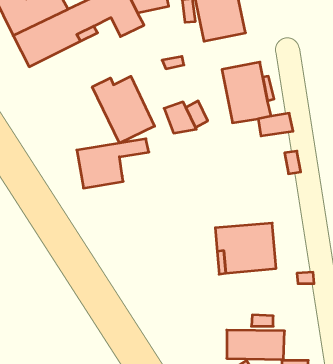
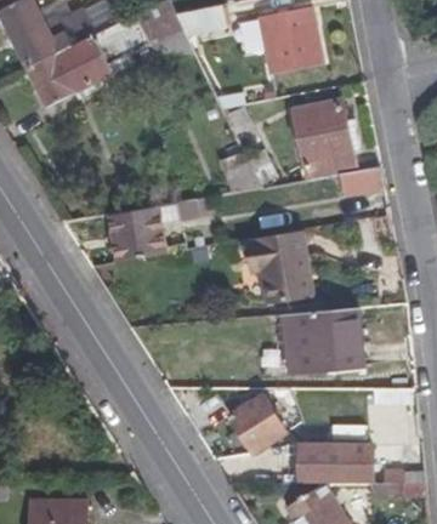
building: [92,76,155,143] -> none
building: none -> [250,229,313,304]
building: none -> [229,395,285,452]

